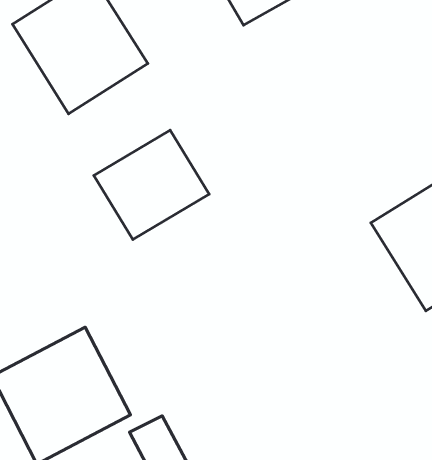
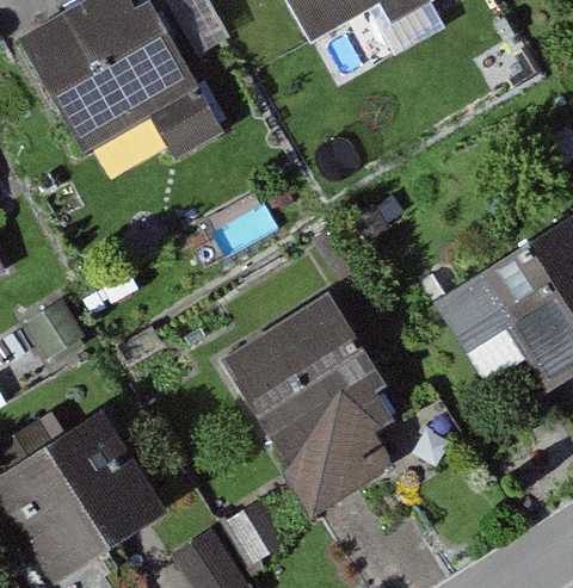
building: [94,130,209,240] -> none
building: none -> [216,291,420,507]

